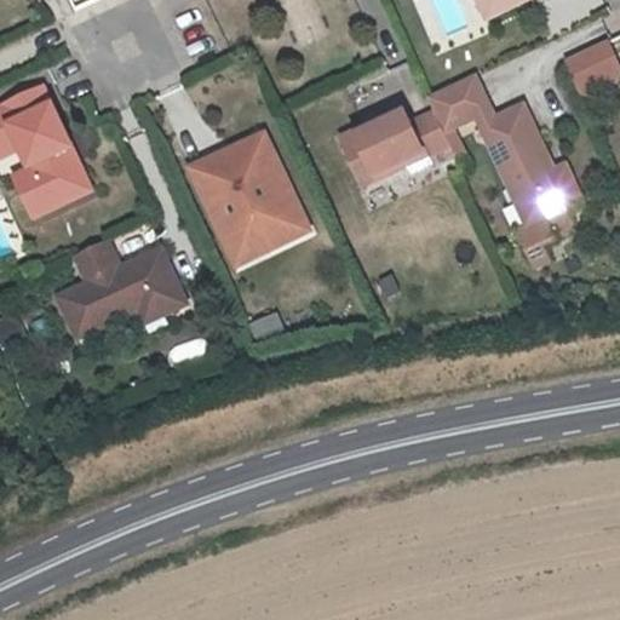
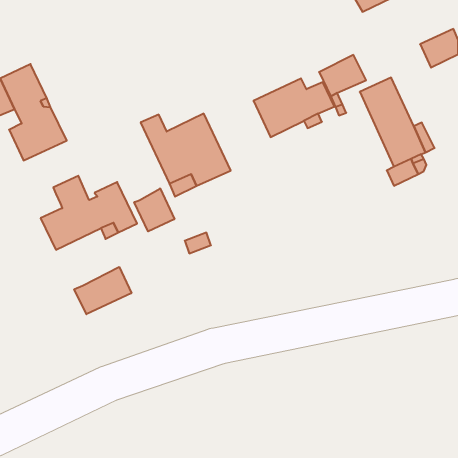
building: [213,132,274,177] -> none
building: none -> [134,188,174,231]
building: none -> [74,267,131,314]

